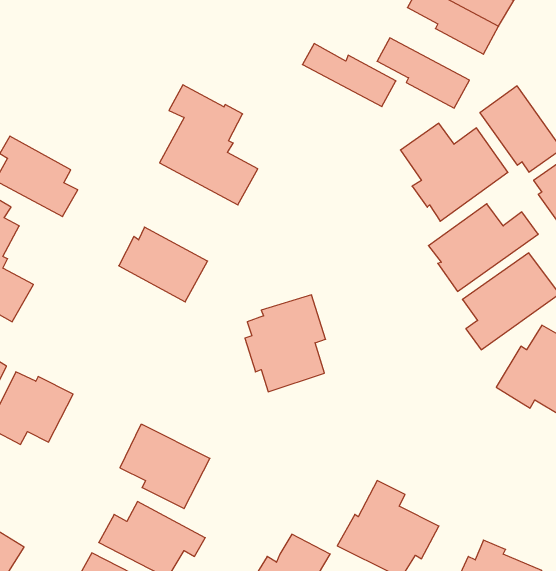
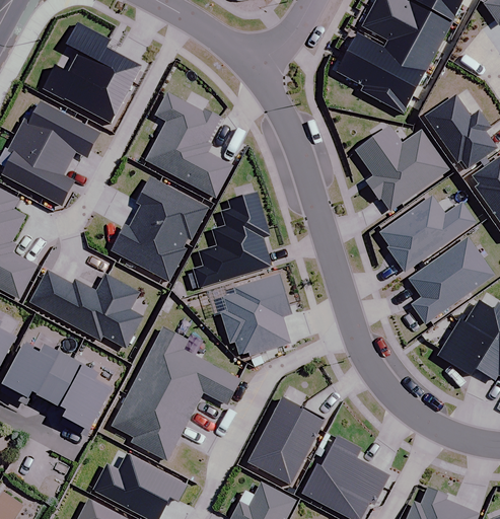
building: none -> [44,25,142,126]
building: [302,44,396,107] -> [346,33,427,88]
building: none -> [16,104,100,166]
building: none -> [133,176,208,245]
building: none -> [193,192,271,287]
building: none -> [30,270,141,347]
building: none -> [131,326,238,417]
building: none -> [50,361,110,435]
building: none -> [246,397,323,483]

